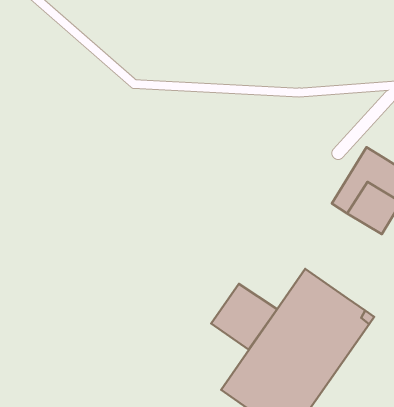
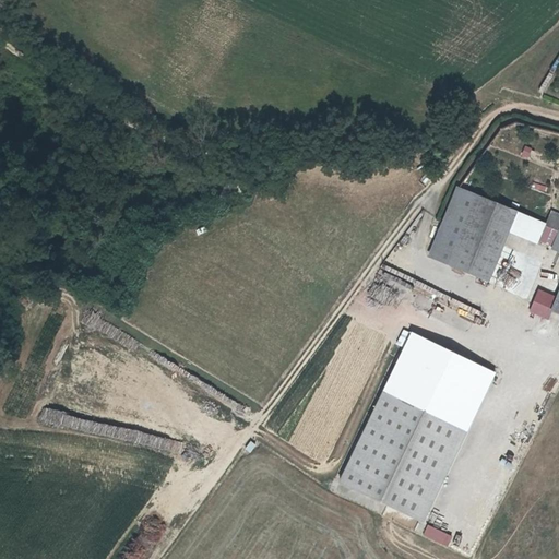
building: [211,284,277,350] -> none

